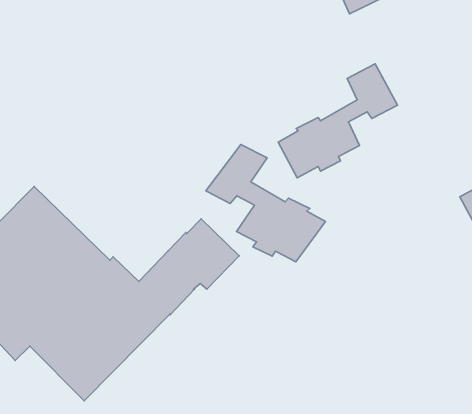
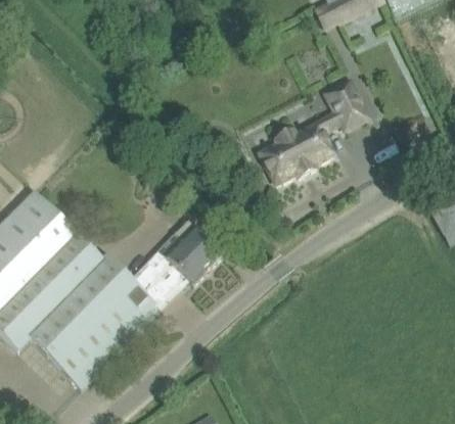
building: [206,144,326,262] -> none

